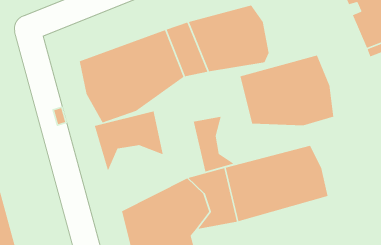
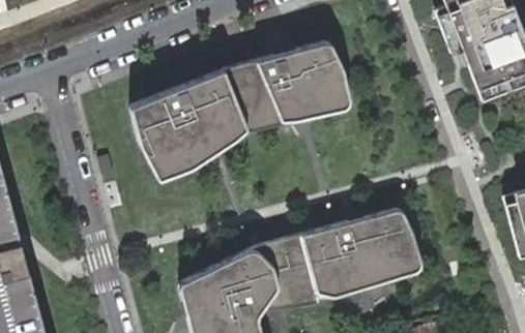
building: [239,55,334,126] -> none
building: [94,111,164,173] -> none
building: [193,116,235,173] -> none

